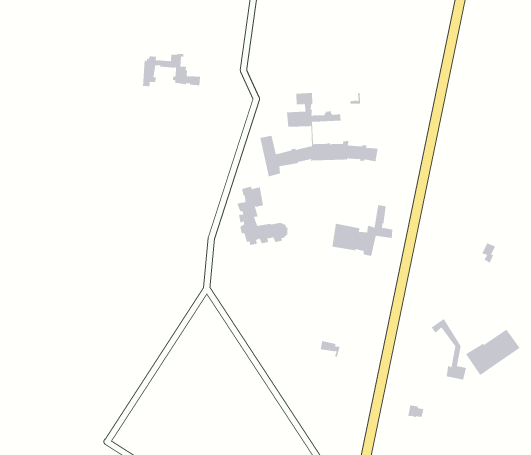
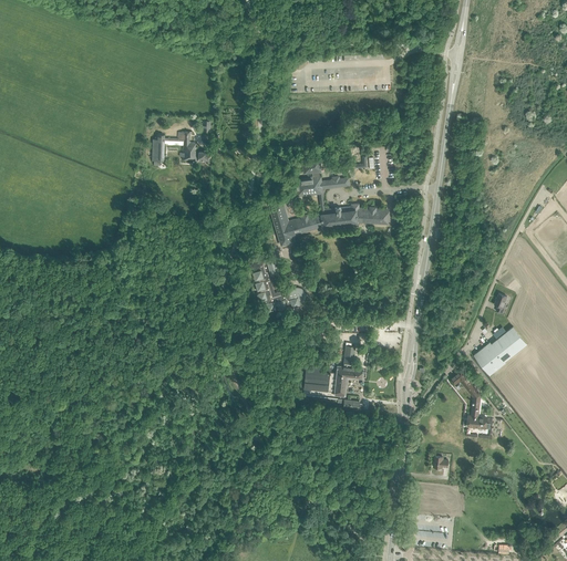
building: [331,204,393,256] -> [303,346,362,397]
building: [465,329,520,376] -> [474,328,527,375]

